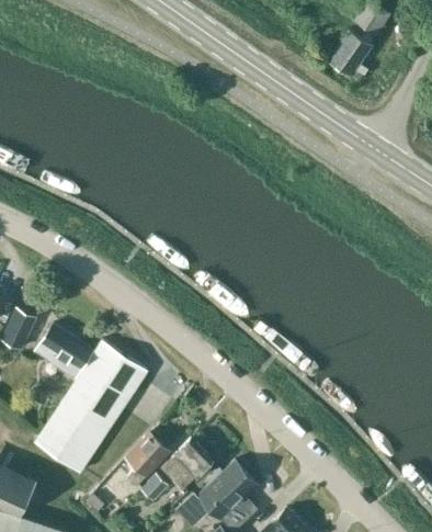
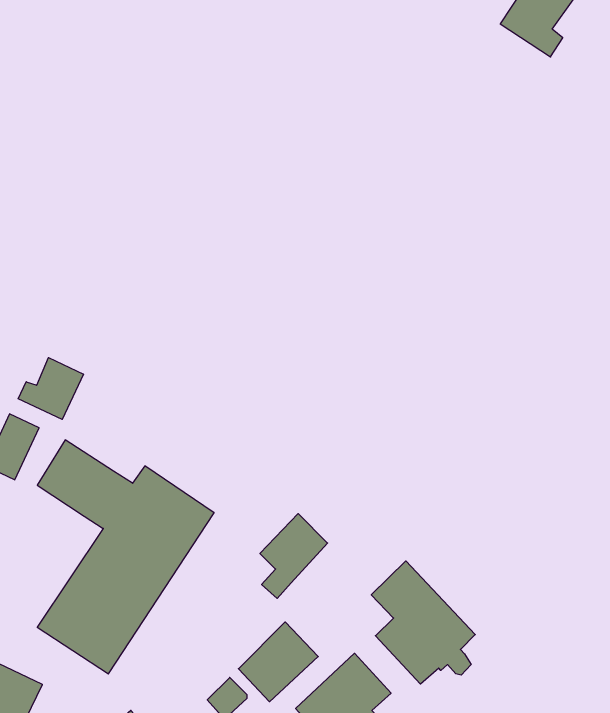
building: none -> [18,358,83,419]
building: none -> [371,561,475,684]
building: [125,434,168,488] -> [260,514,328,598]

